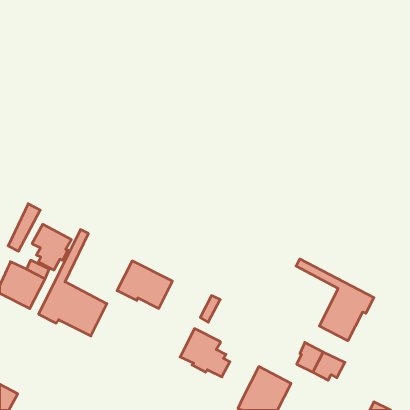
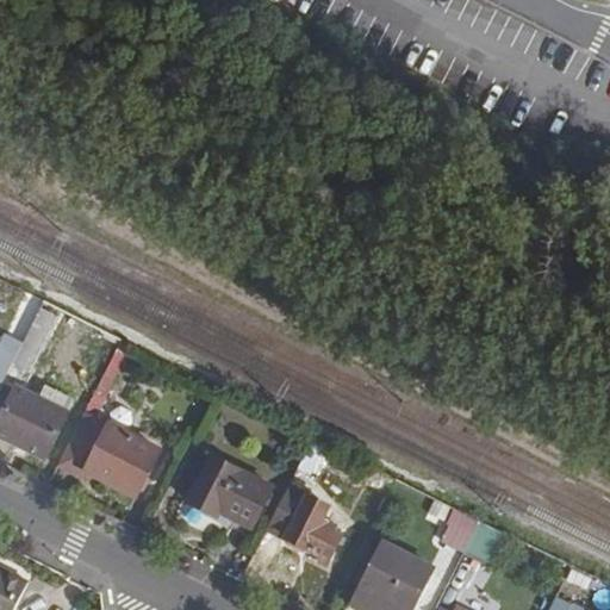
building: [32,224,71,270] -> none
building: [296,259,374,341] -> none
building: [117,261,172,308] -> [187,456,269,527]

